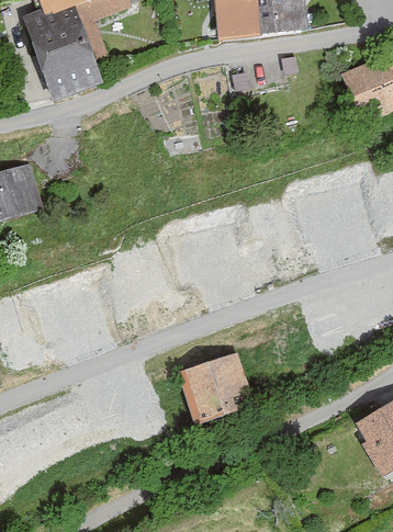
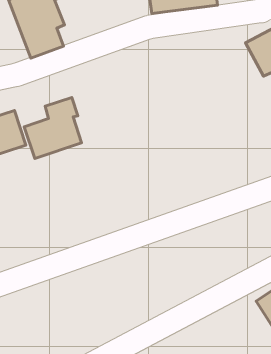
building: none -> [24,98,81,159]
building: [177,351,254,426] -> none

